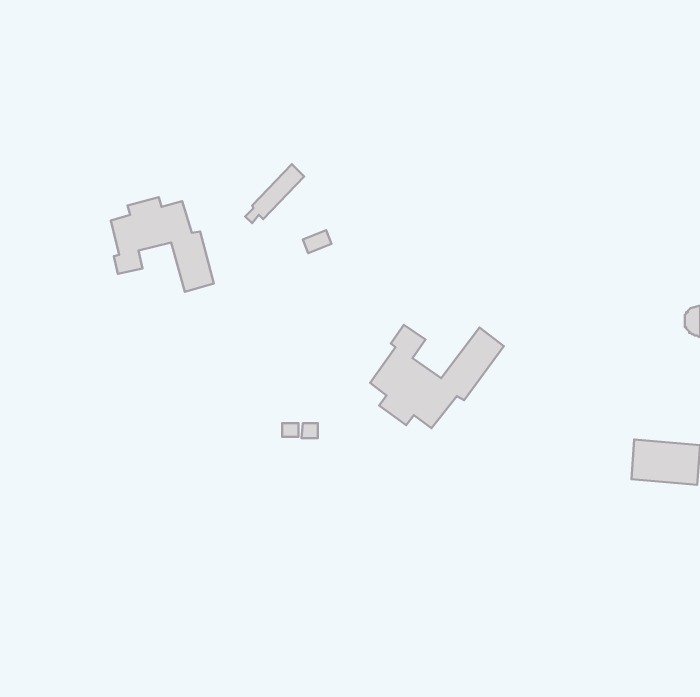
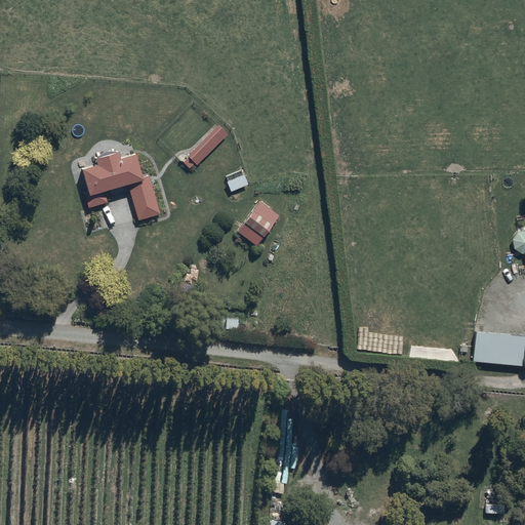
building: none -> [238,201,278,245]
building: [370,325,504,428] -> none

